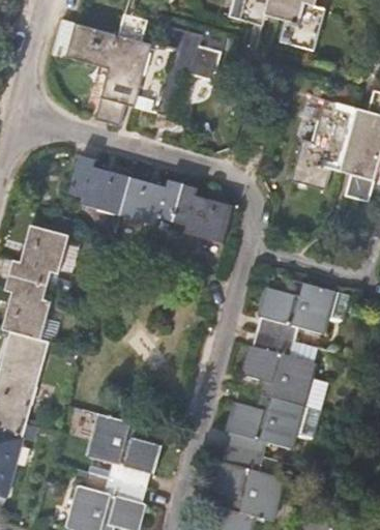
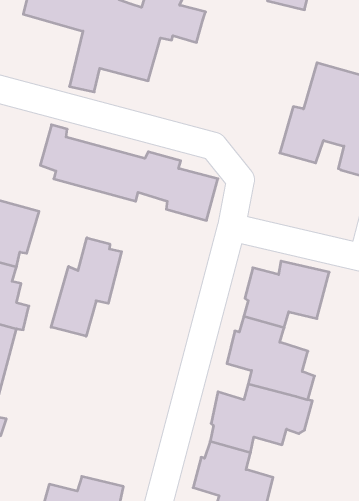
building: none -> [51,238,122,336]
building: [86,413,163,488] -> none

